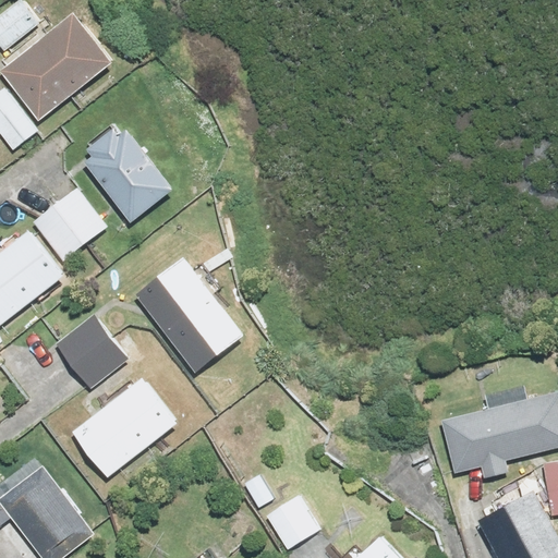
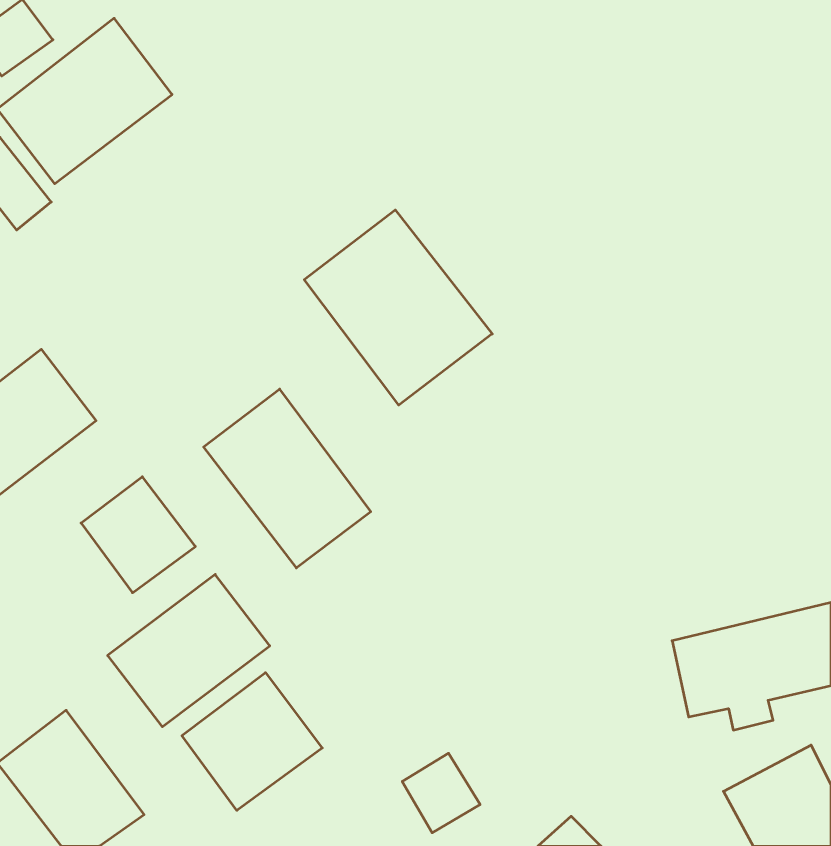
building: [81,120,169,215] -> none
building: none -> [304,210,492,405]
building: [31,187,107,263] -> none
building: none -> [182,673,322,810]

